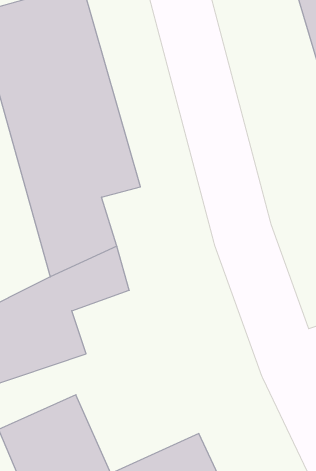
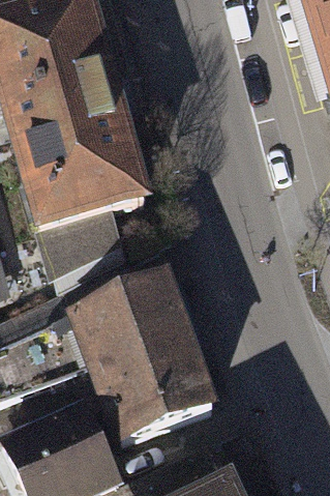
building: none -> [82,295,212,448]

